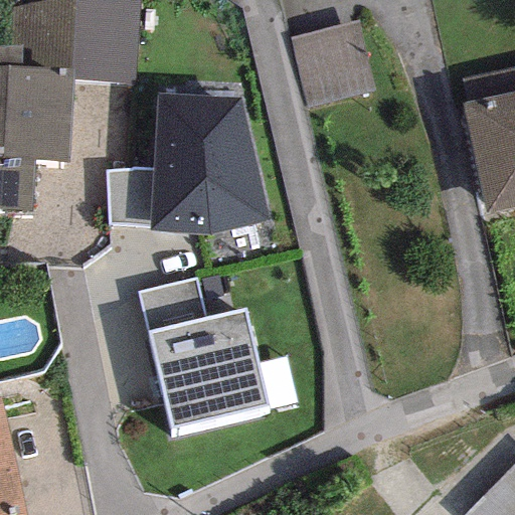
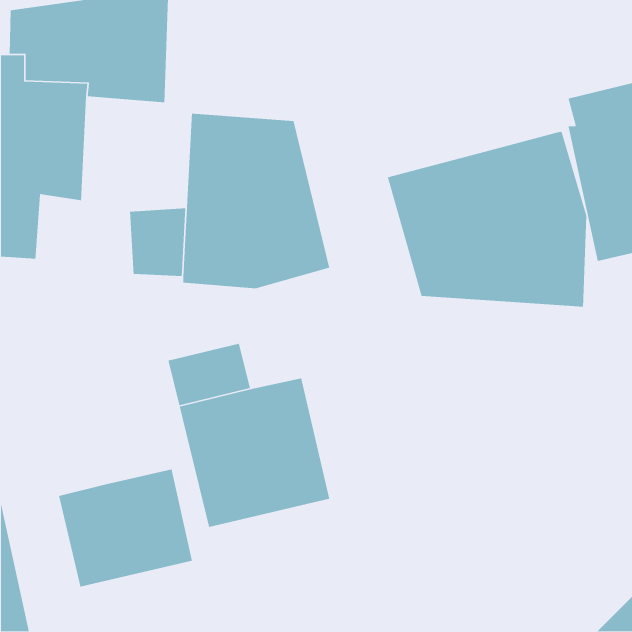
building: [291,20,375,106] -> none
building: none -> [387,131,587,308]
building: none -> [58,468,193,588]

